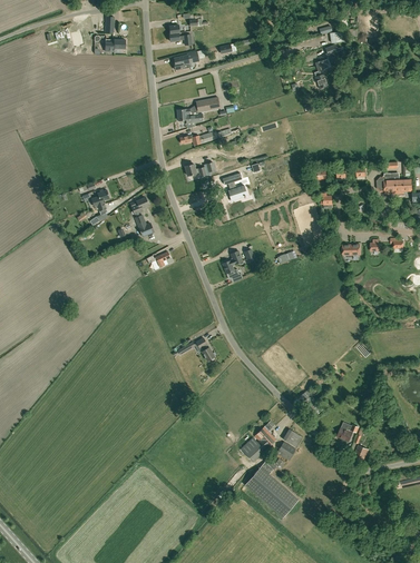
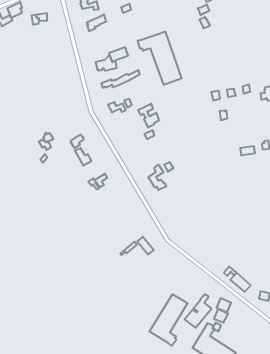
building: none -> [138,31,181,85]
building: none -> [149,294,187,346]

